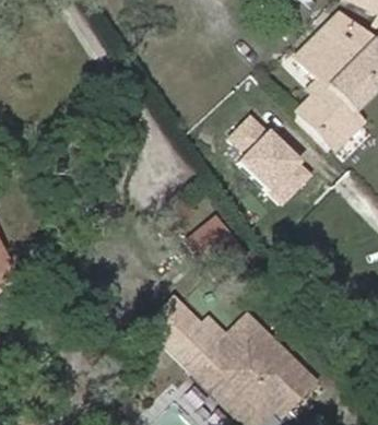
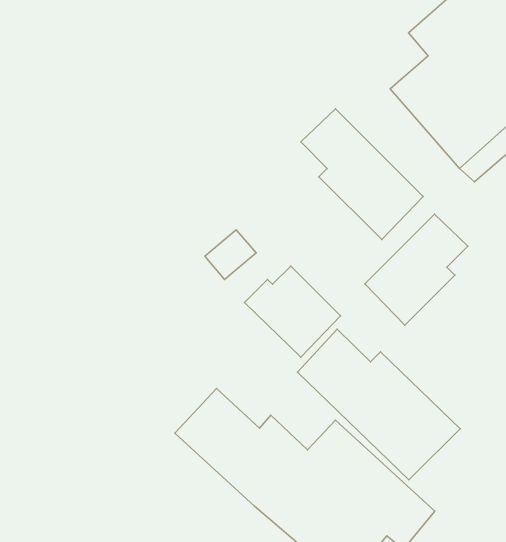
building: none -> [365,214,468,325]
building: none -> [298,329,460,480]

